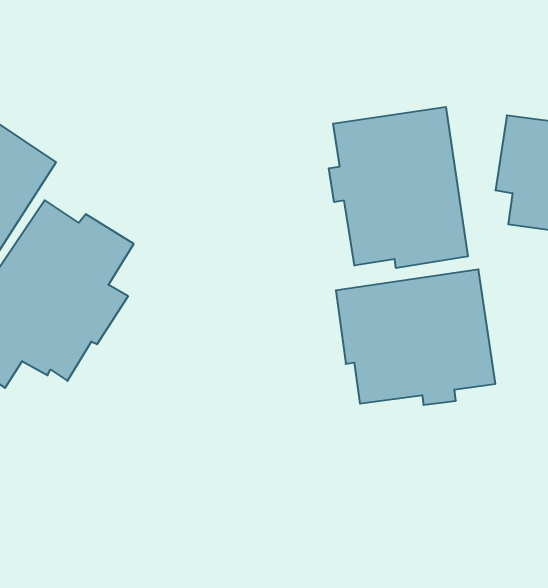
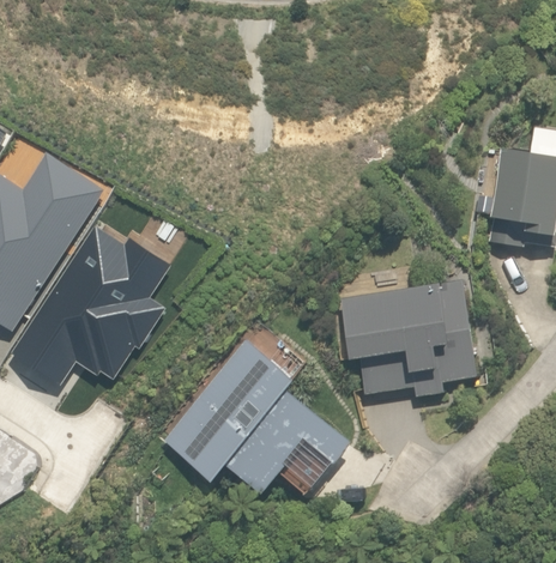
building: [329,107,468,268] -> none
building: none -> [164,339,352,495]

